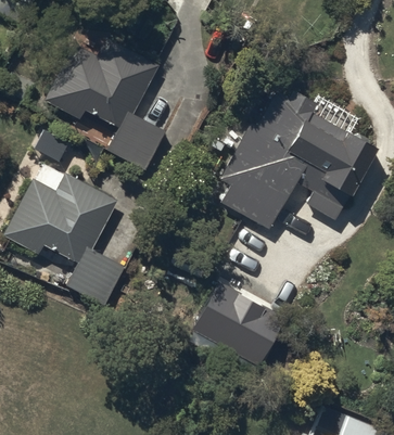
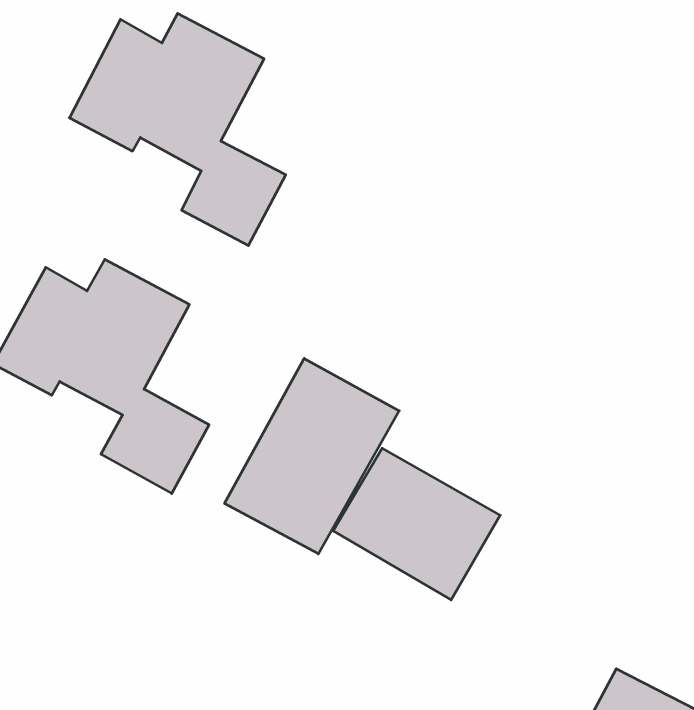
building: [215,82,369,221] -> none
building: none -> [225,358,399,554]

